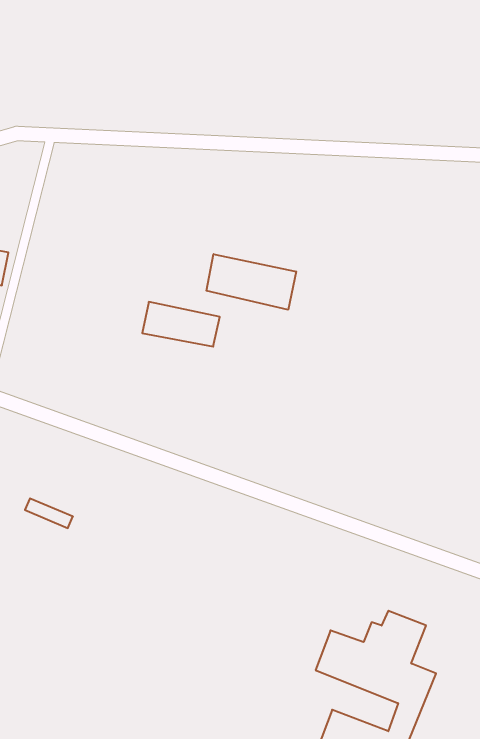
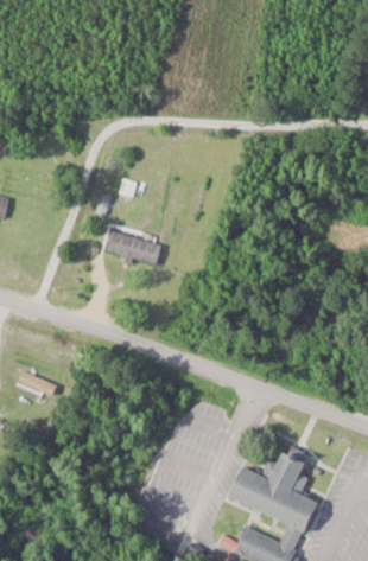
building: [206,254,296,310] -> none

